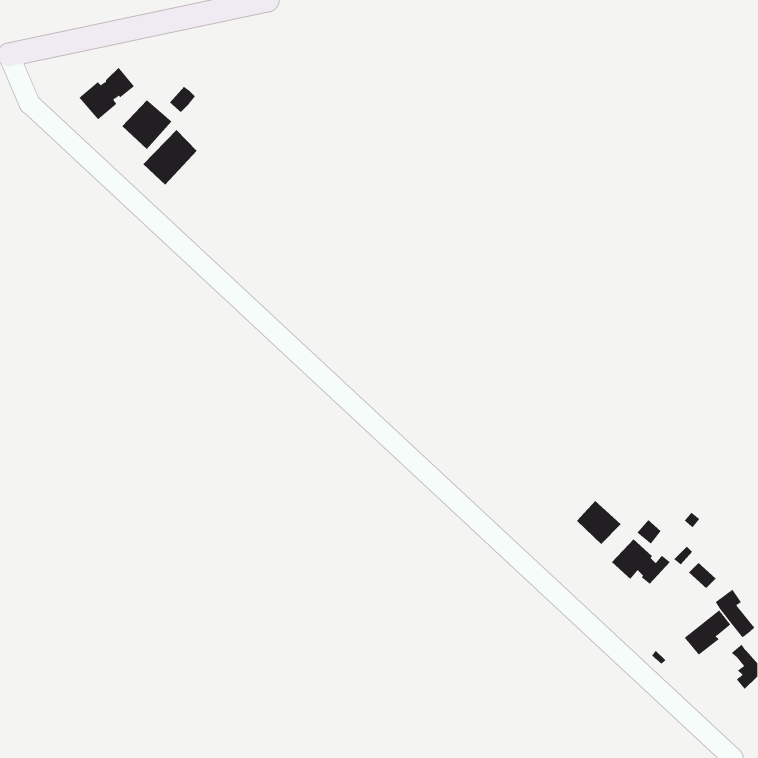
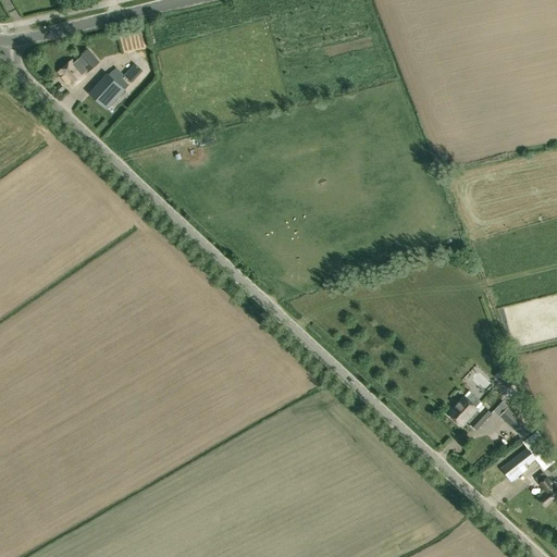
building: [142,129,198,185] -> none
building: [576,500,621,545] -> none

